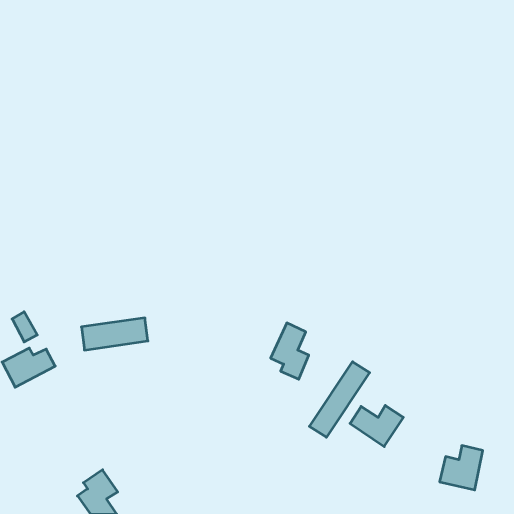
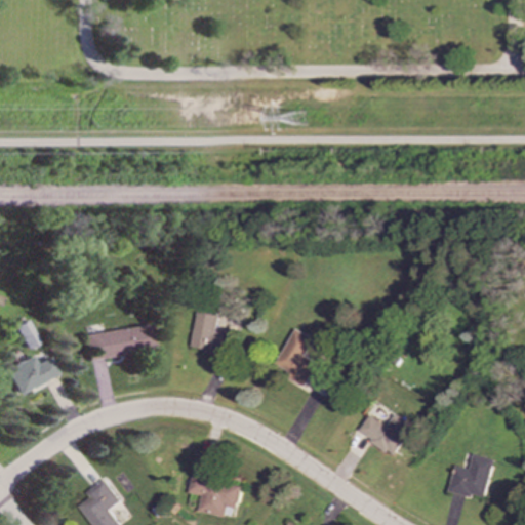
building: none -> [191,312,231,354]
building: [309,362,370,437] -> none
building: none -> [188,476,240,517]

